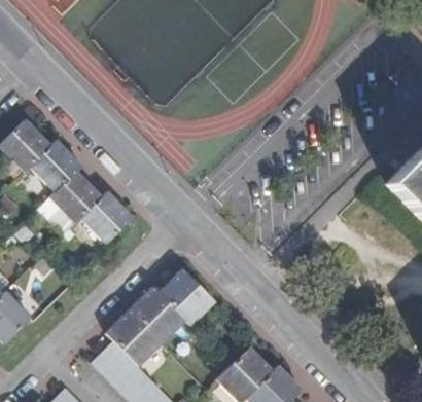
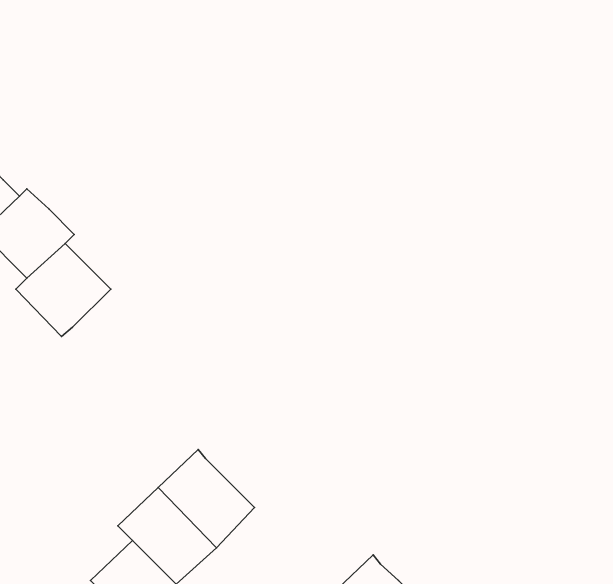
building: [81,192,133,244] -> none
building: [156,269,214,327] -> none

